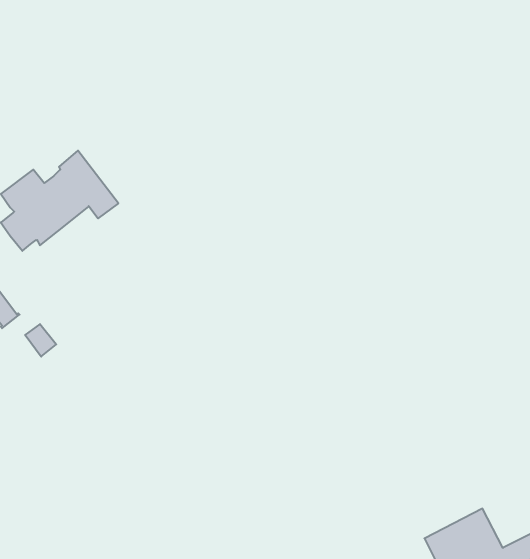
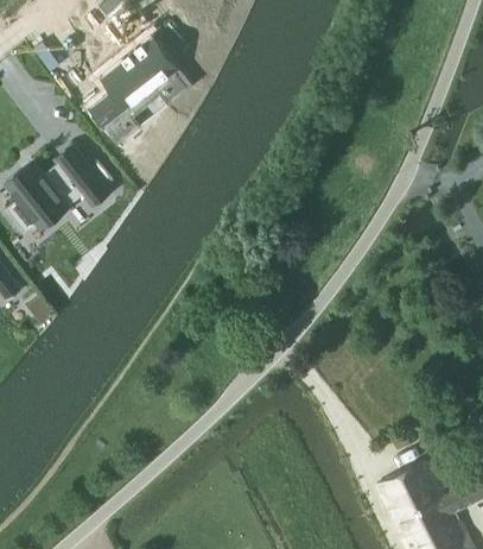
building: none -> [89,37,185,140]

